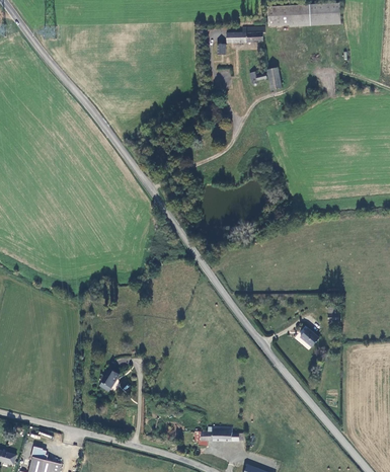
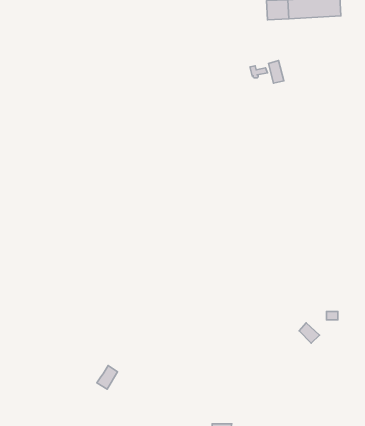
building: [226,26,262,43] -> none

